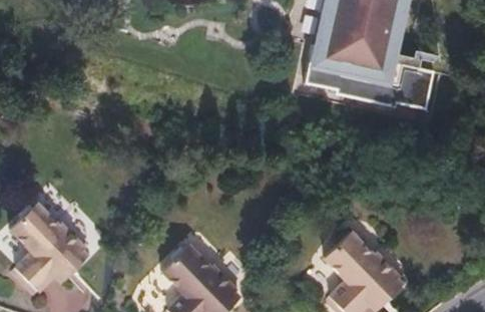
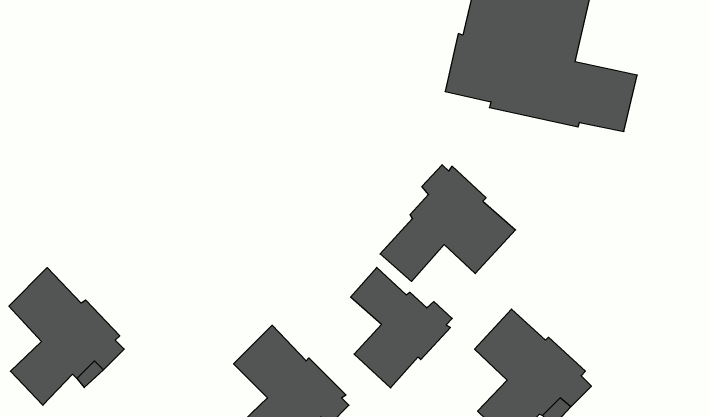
building: none -> [380,165,516,281]
building: none -> [351,267,452,388]

